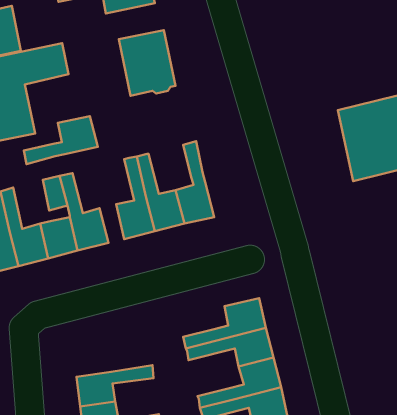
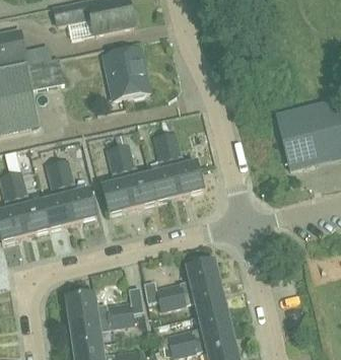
building: [24,116,98,164] -> none
building: none -> [164,133,203,195]
building: none -> [66,288,142,320]

